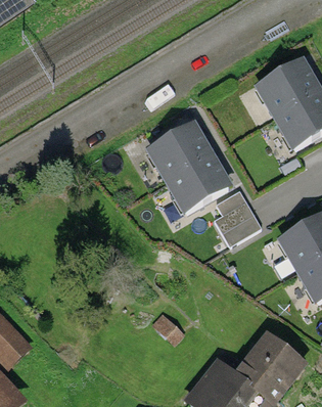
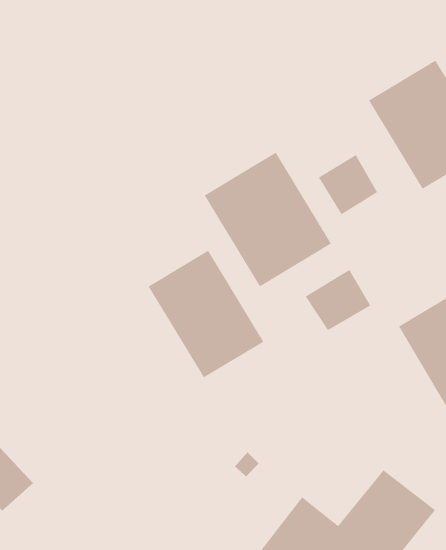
building: none -> [318,154,378,215]
building: none -> [148,250,264,378]

